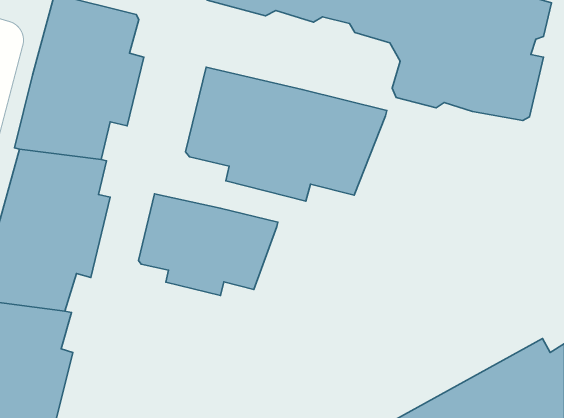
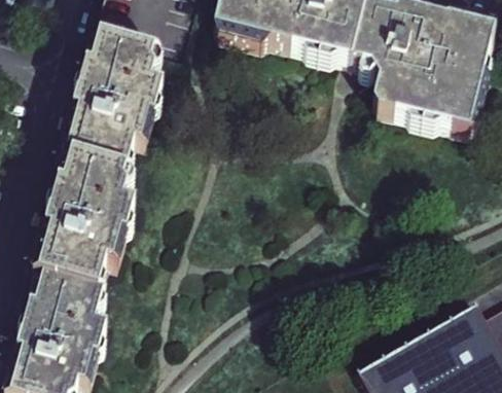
building: [186,67,387,201] -> none
building: [139,194,278,296] -> none

